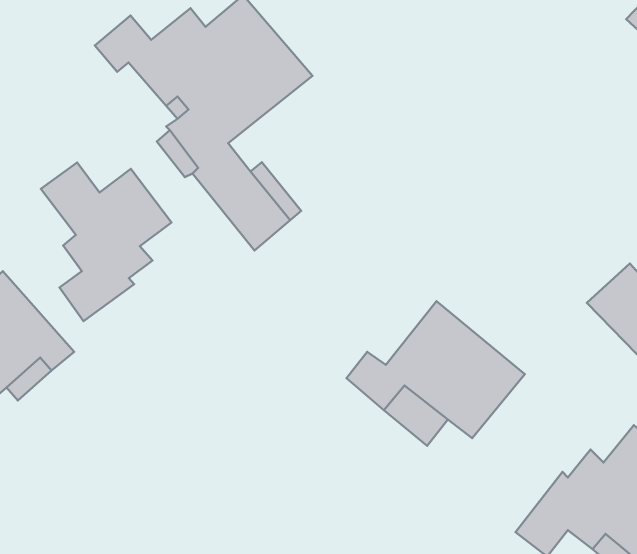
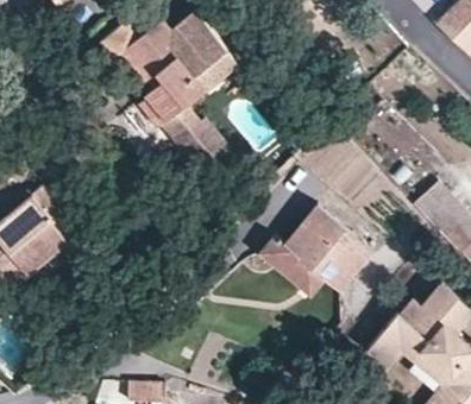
building: [41,163,171,321] -> none

